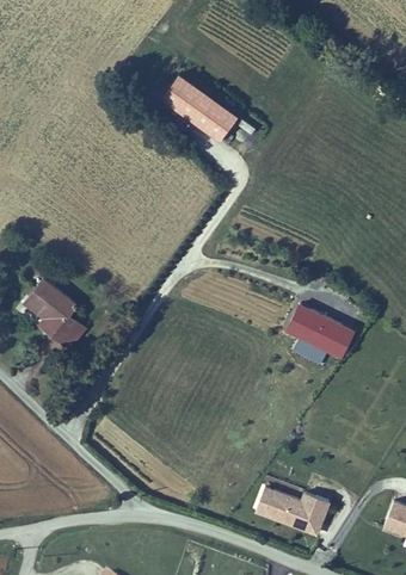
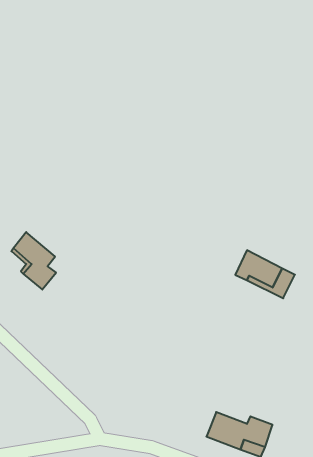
building: [160,67,240,136] -> none

